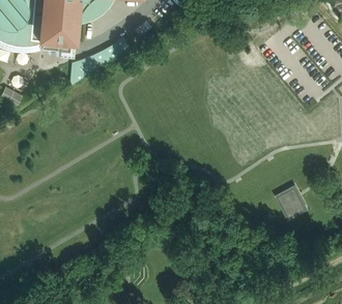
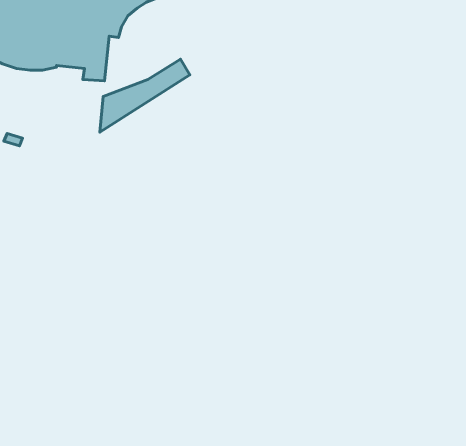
building: [275,188,309,225] -> none

